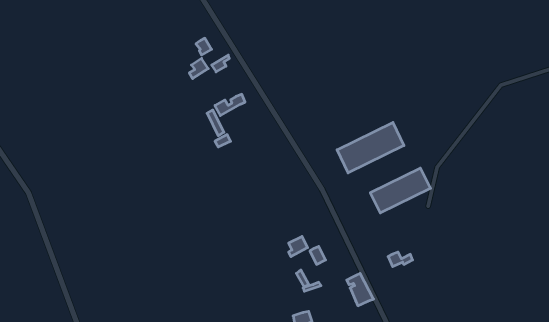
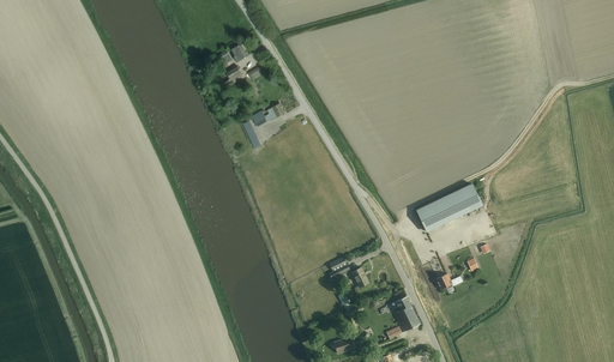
building: [337,122,404,173] -> none

